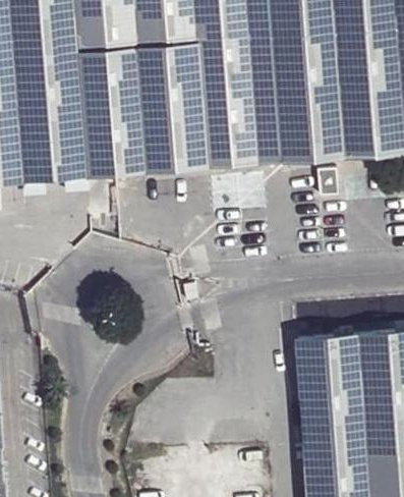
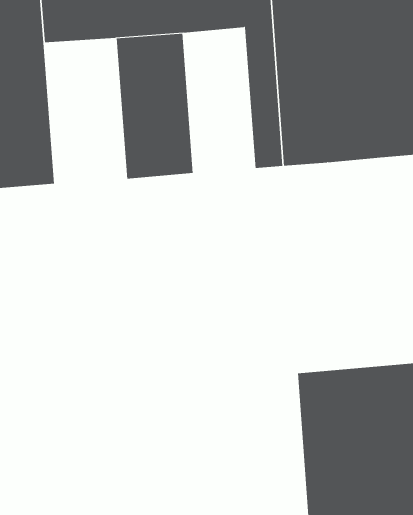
building: [198,38,261,164] -> none
building: [78,47,150,173] -> none

